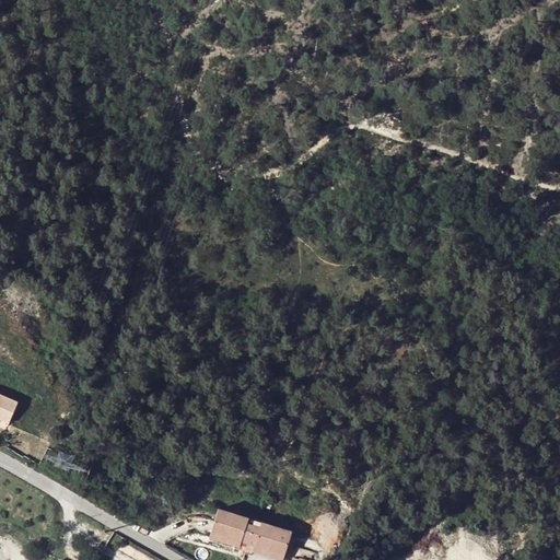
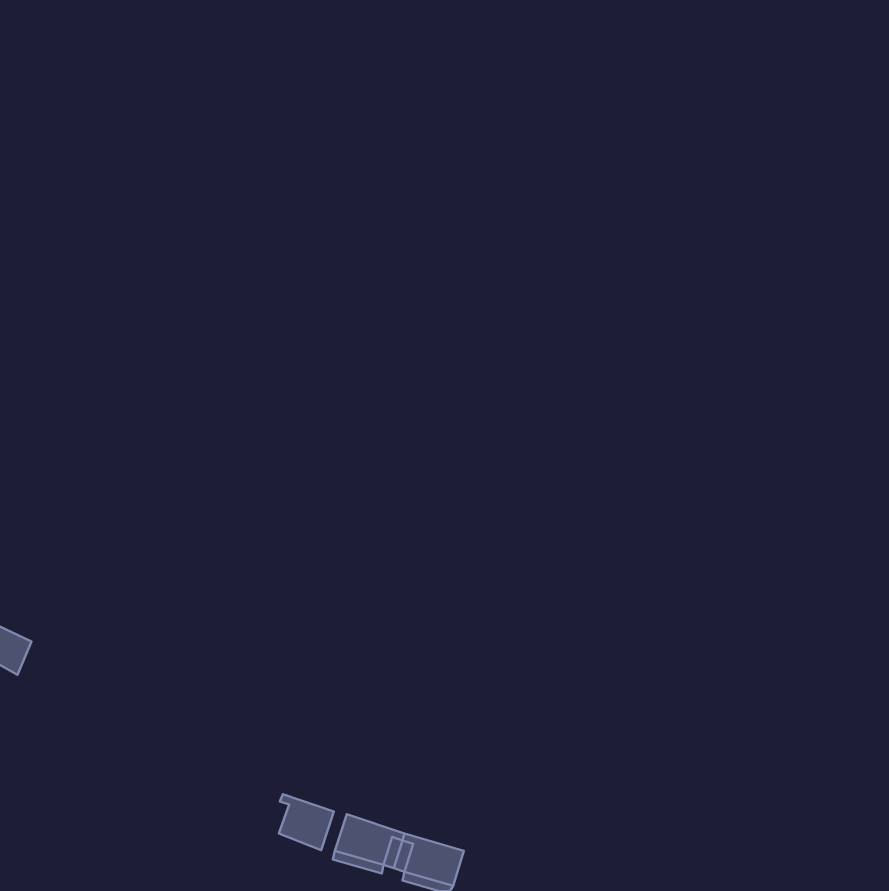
building: none -> [279,794,334,850]

